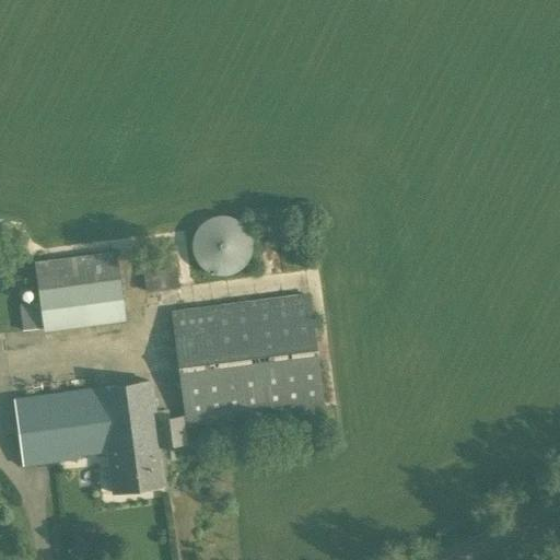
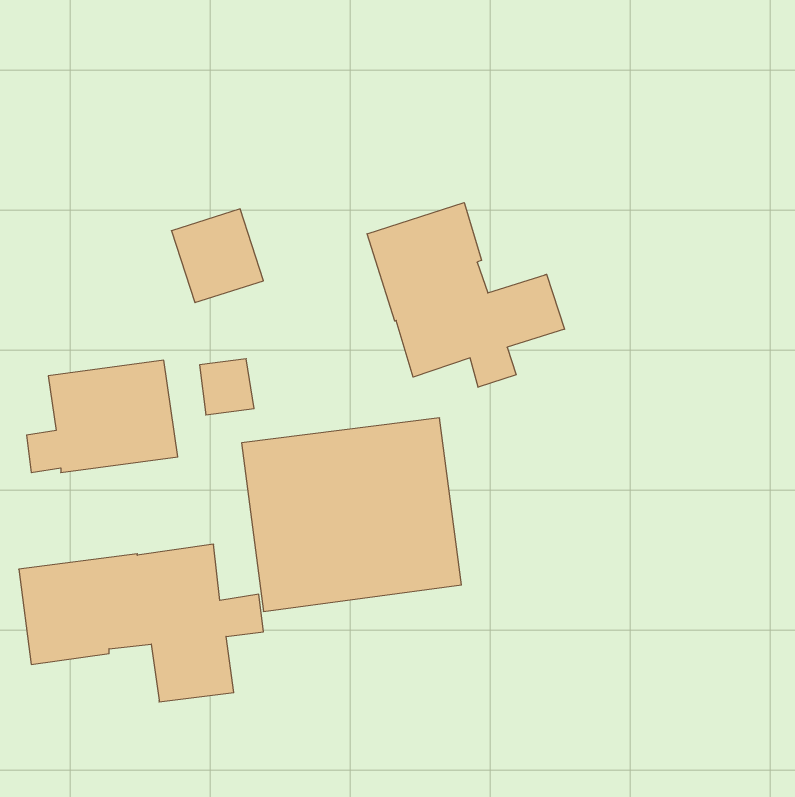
building: none -> [367,203,565,387]
building: [187,212,252,278] -> [171,209,263,303]

